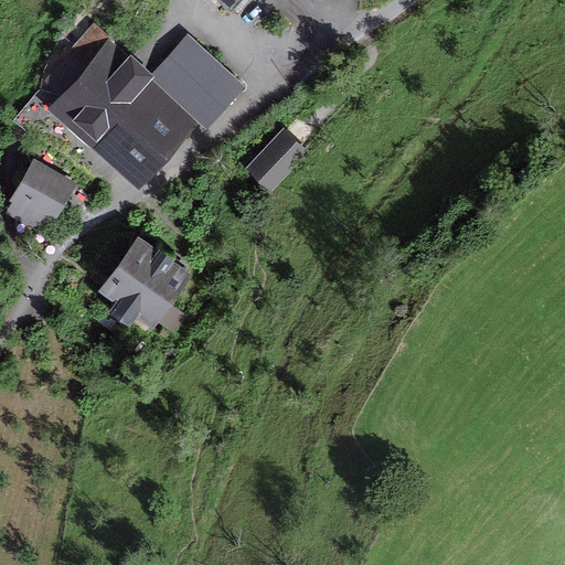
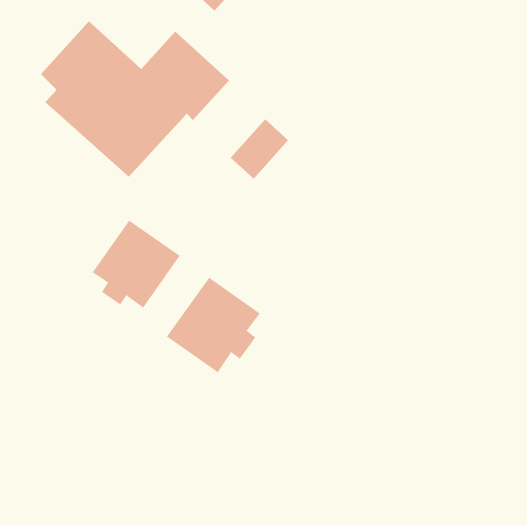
building: [4,159,77,236] -> none
building: none -> [166,277,260,373]

